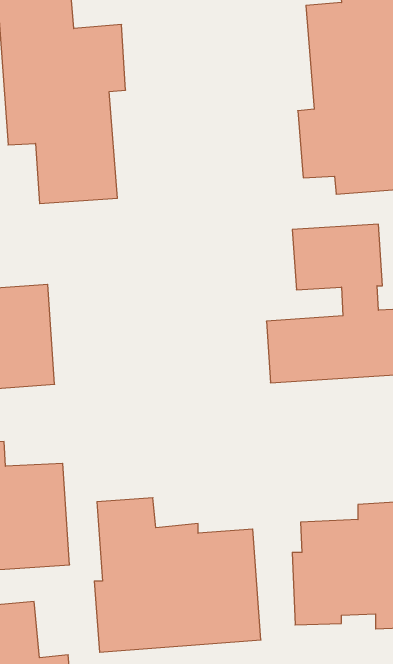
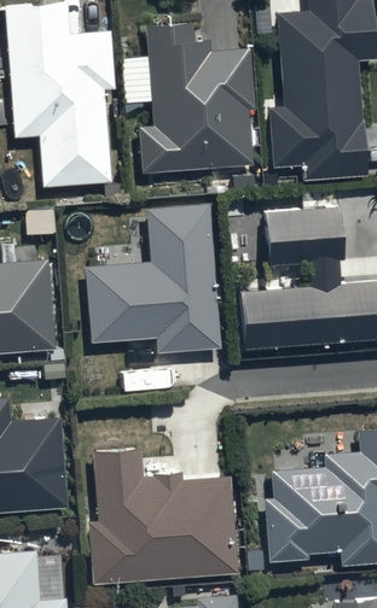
building: none -> [140,23,256,173]
building: none -> [86,205,220,352]

